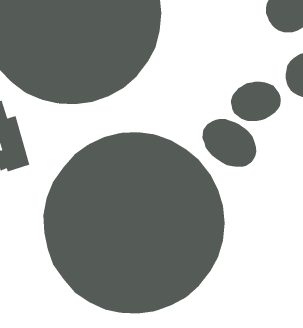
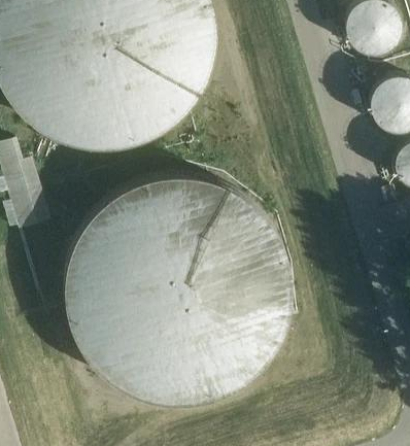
building: [230,81,281,122] -> none
building: [202,118,257,168] -> none

